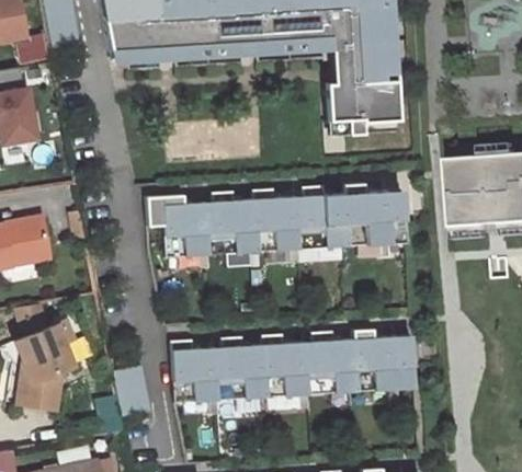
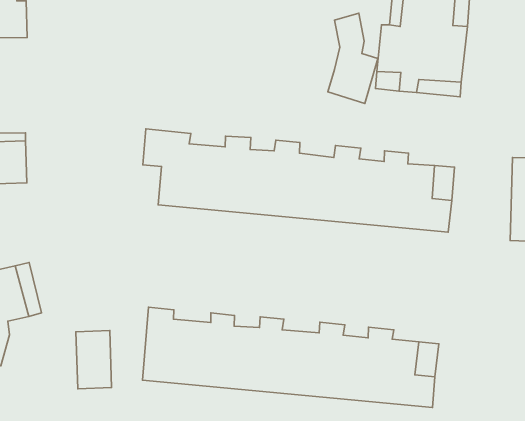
building: none -> [328,13,378,104]

